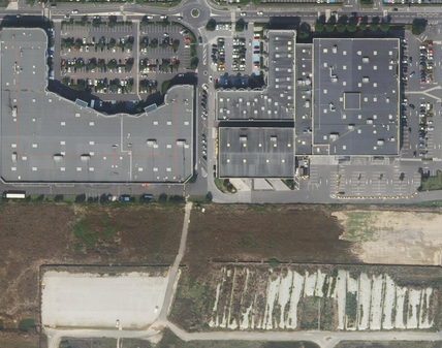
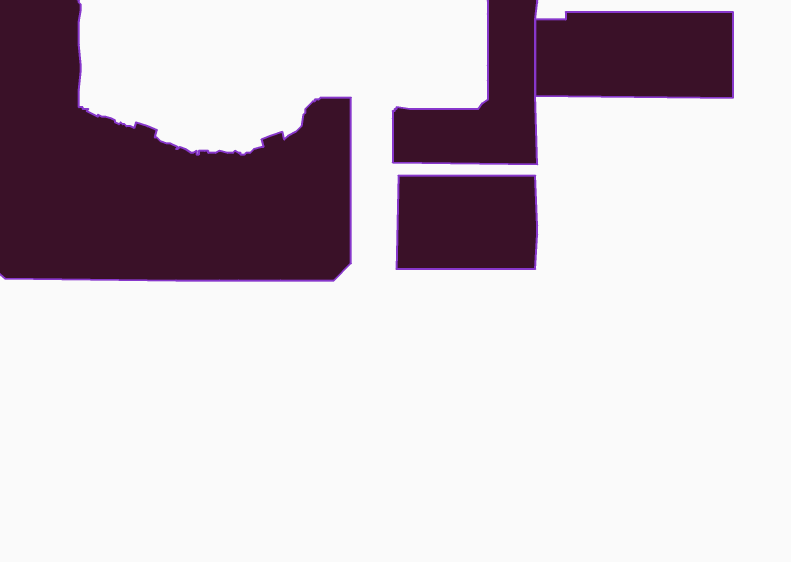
building: [292,83,400,154] -> none

